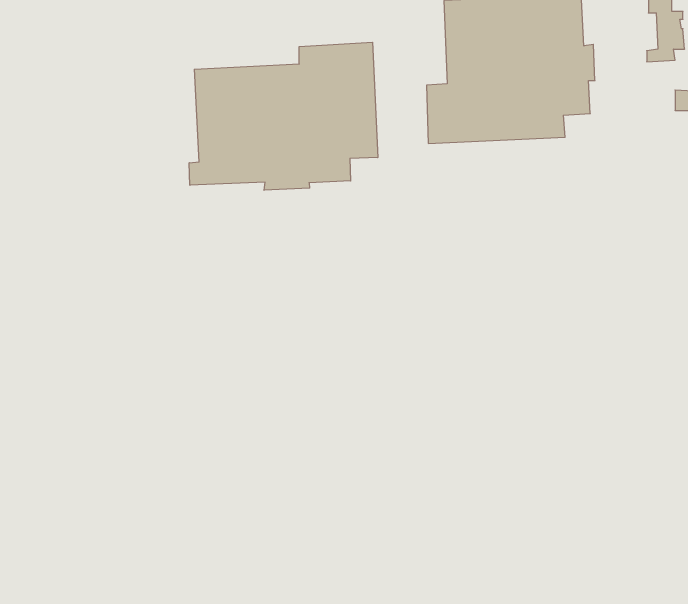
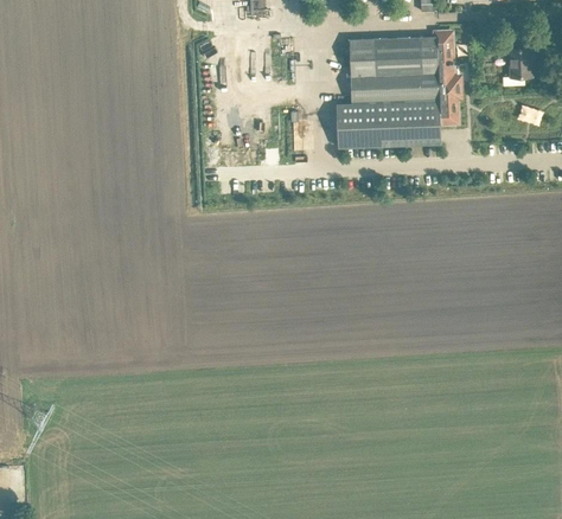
building: [189,42,378,190] -> none

